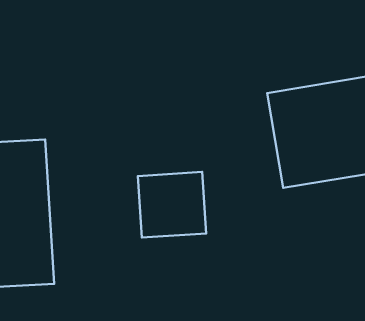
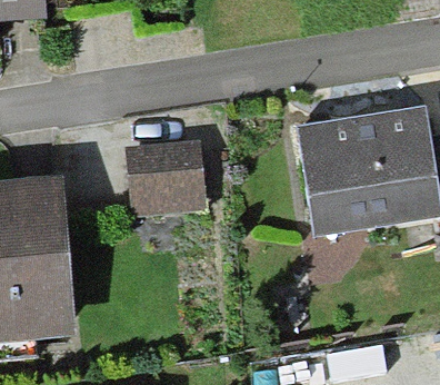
building: [138,172,206,238] -> [122,138,198,210]

